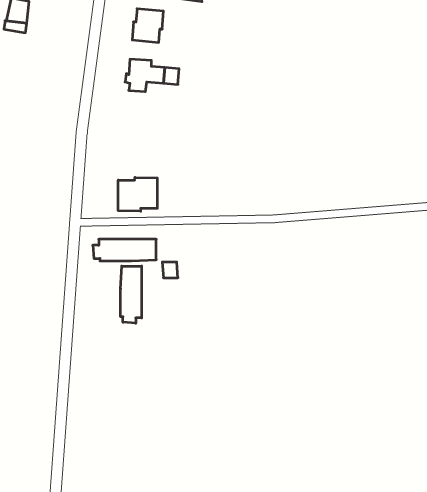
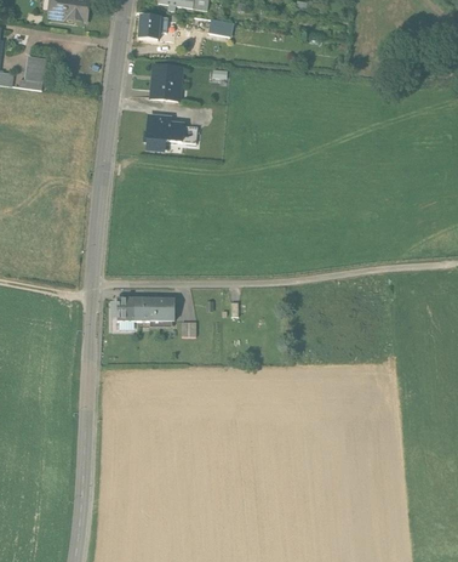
building: [118,177,157,211] -> none
building: [121,266,142,323] -> none

